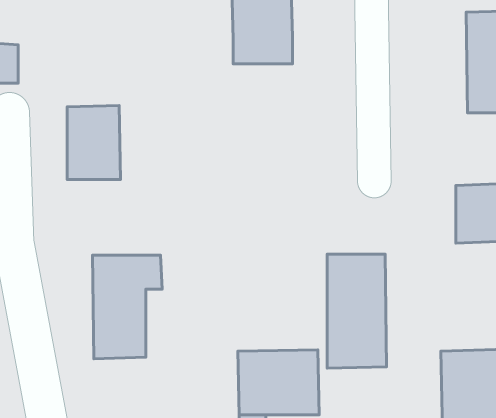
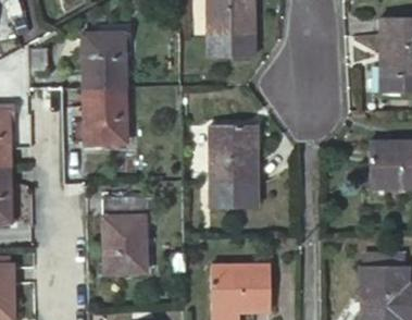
building: none -> [86,32,125,87]
building: [327,254,387,368] -> [211,126,254,210]

